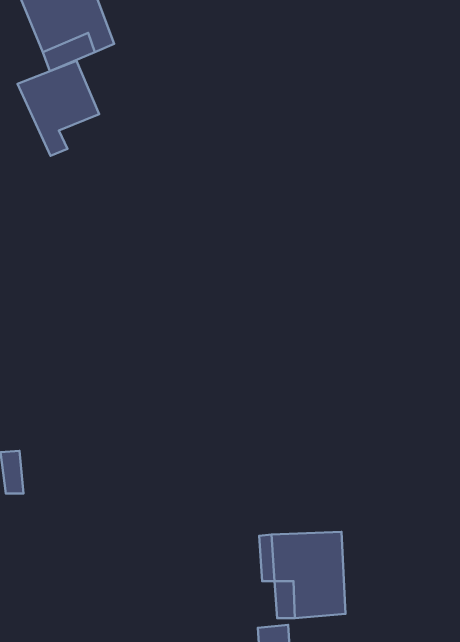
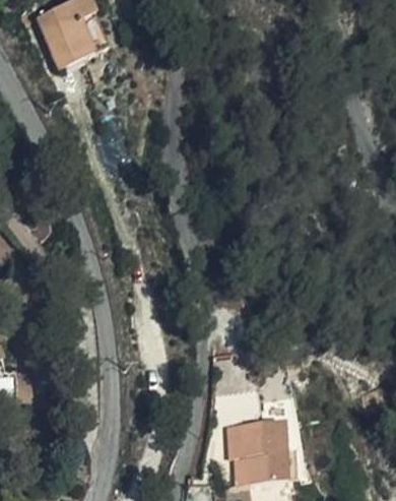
building: [17,61,99,156] -> none

